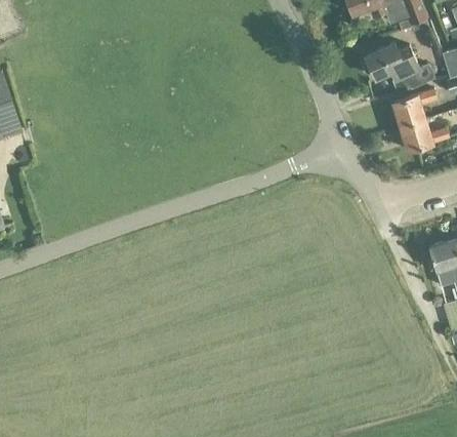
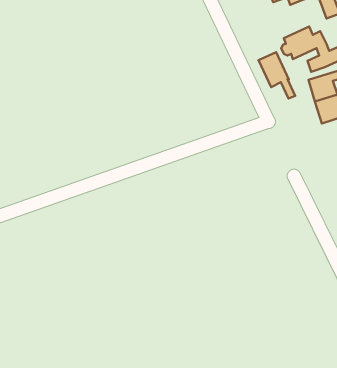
building: none -> [259,52,295,99]

